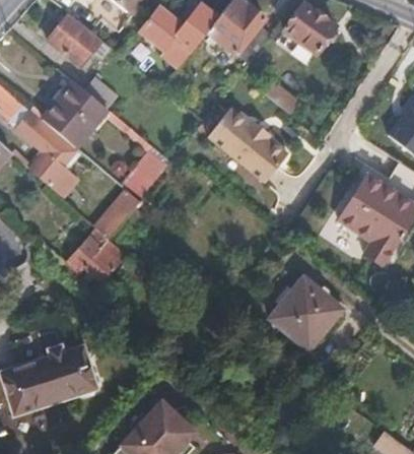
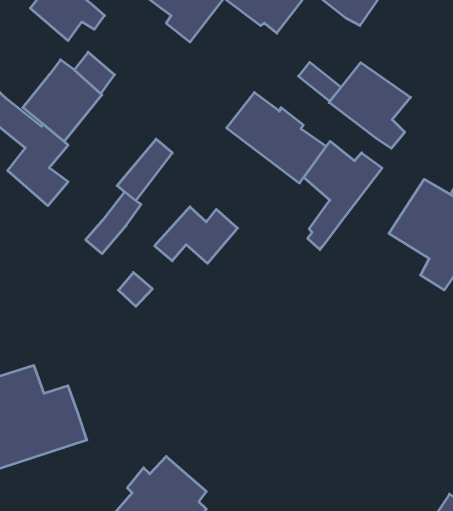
building: none -> [329,63,411,148]
building: none -> [304,141,382,250]
building: [59,235,126,280] -> [155,207,238,263]
building: [270,277,343,350] -> none

